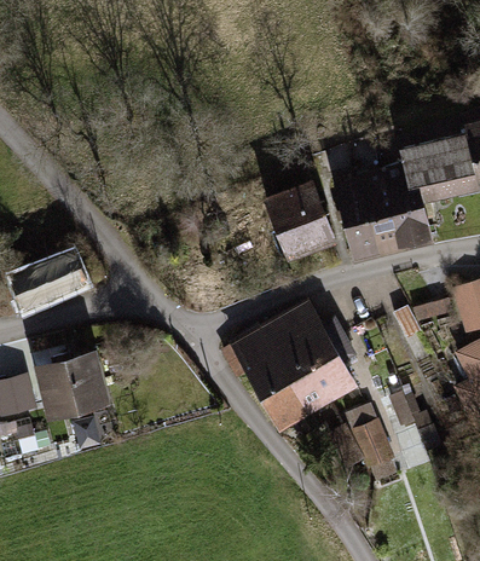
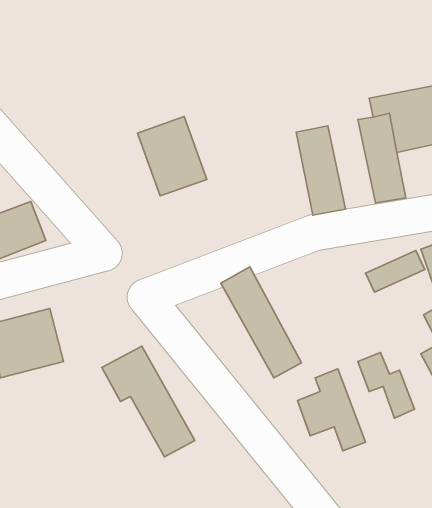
building: [363,168,409,254] -> none
building: [267,181,334,258] -> [138,117,207,196]
building: [288,296,362,401] -> none
building: [221,325,311,432] -> [102,346,195,457]

